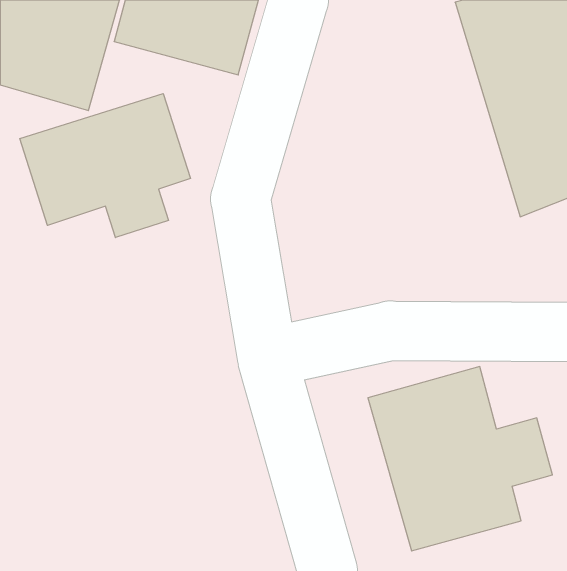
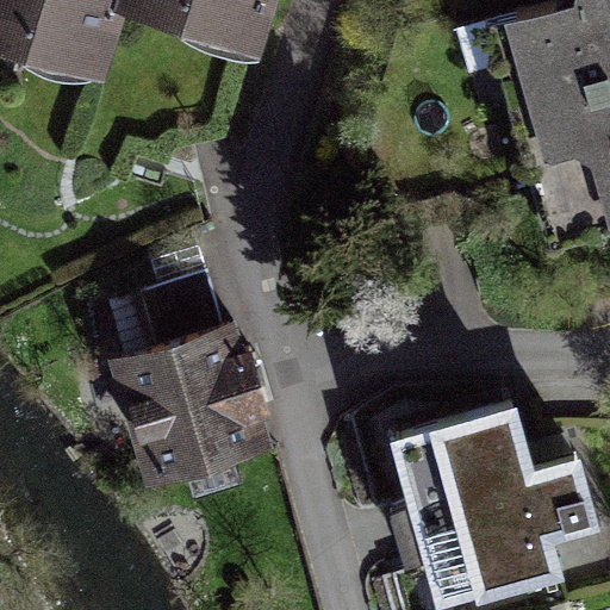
building: [20,94,191,238] -> none
building: none -> [114,267,259,454]

